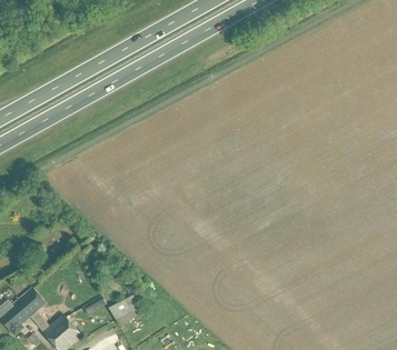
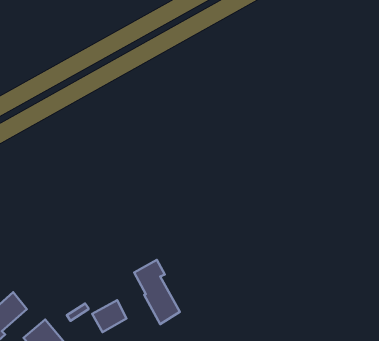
building: none -> [134,260,180,324]

